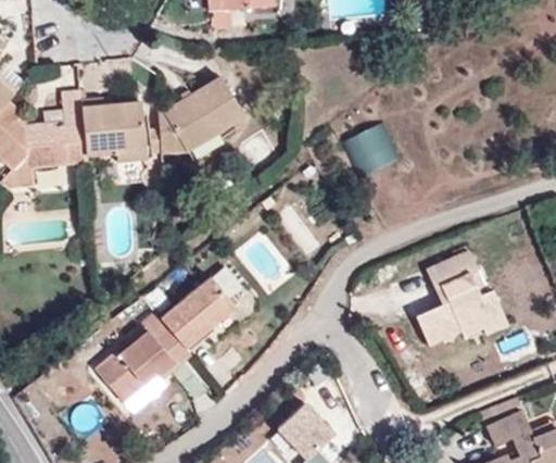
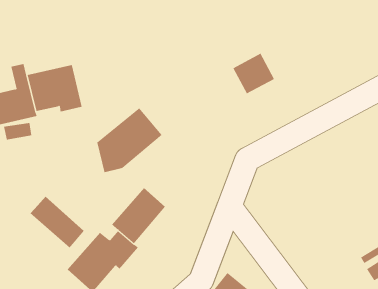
building: [157,76,245,154] -> [97,108,163,173]
building: [416,250,508,347] -> none
building: none -> [30,196,84,249]

